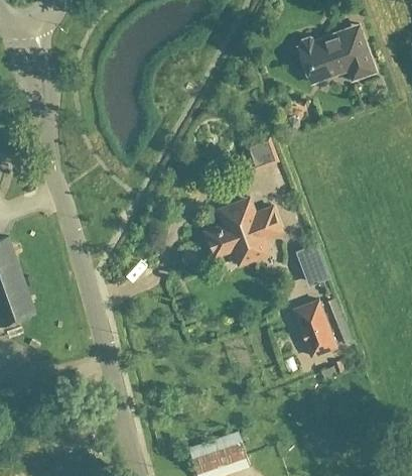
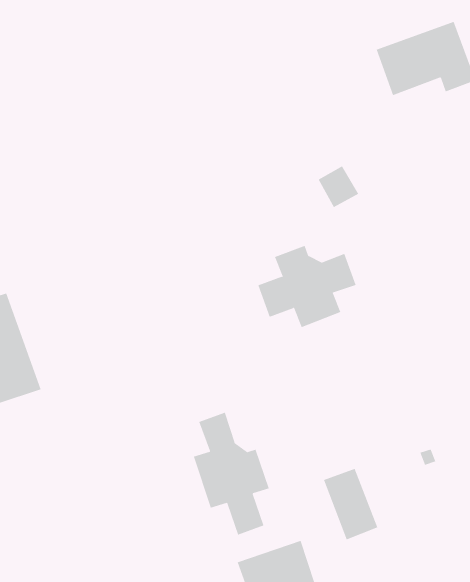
building: [294,242,330,285] -> none
building: [292,301,335,357] -> [323,468,378,540]
building: none -> [193,412,270,535]

